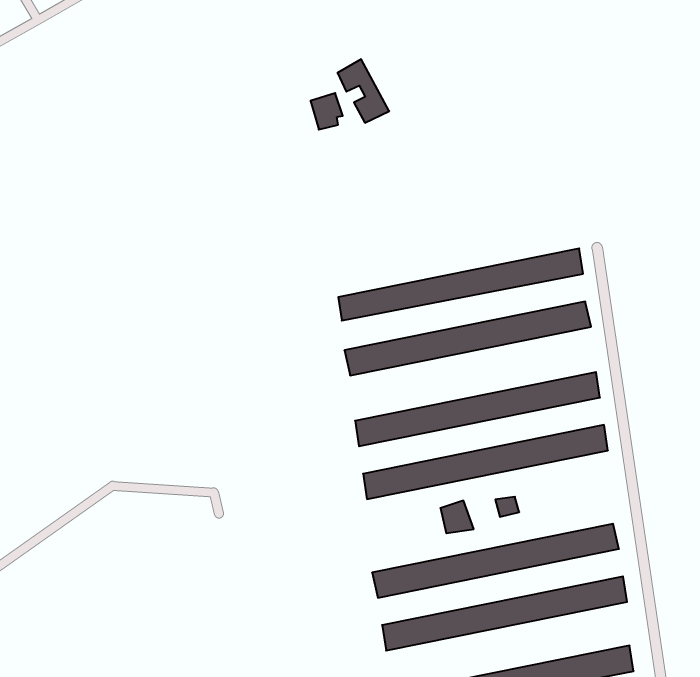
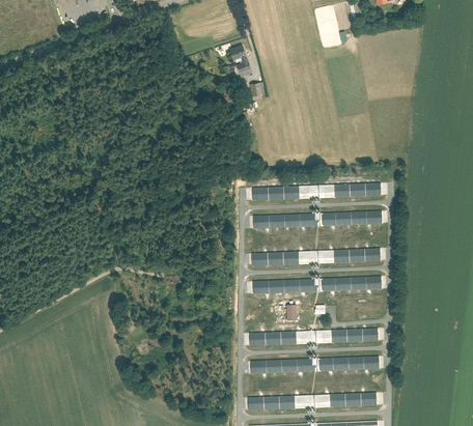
building: [337,59,389,123] -> [228,45,252,78]

